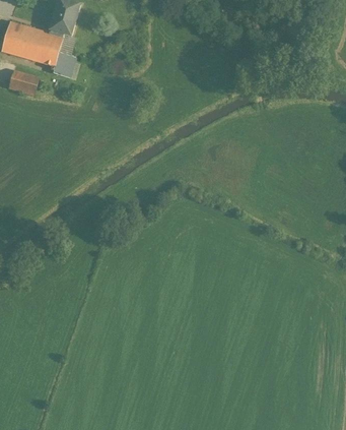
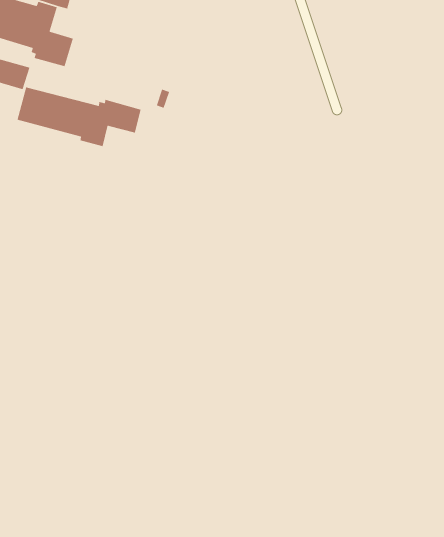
building: none -> [16,86,142,147]

